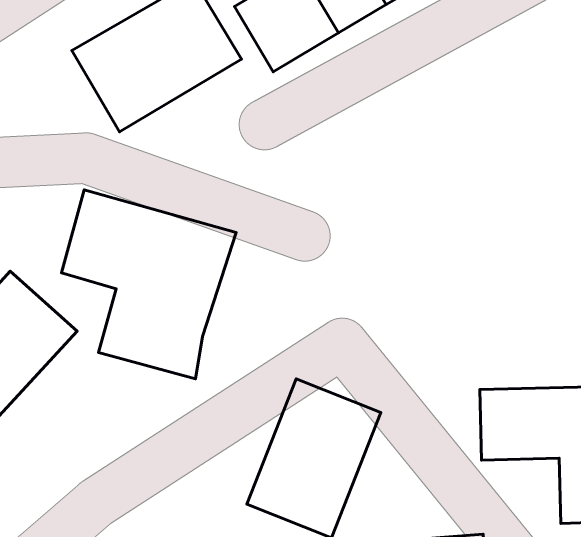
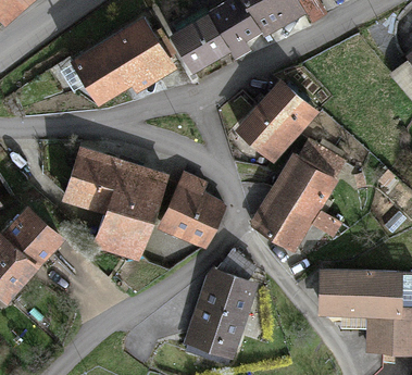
building: none -> [232,76,322,165]
building: none -> [247,135,350,251]
building: none -> [150,174,221,257]

